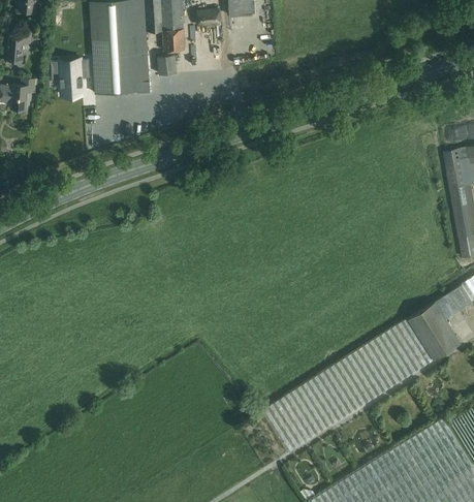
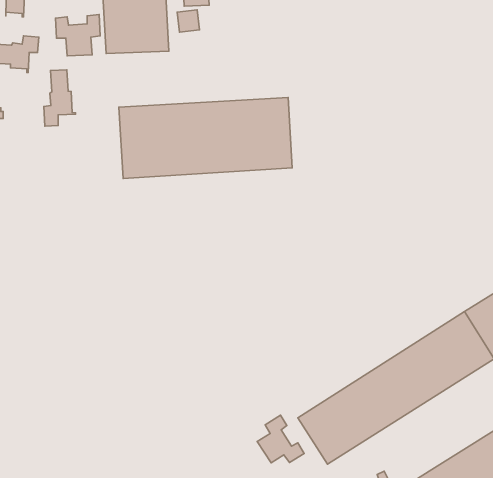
building: none -> [44,70,75,126]
building: none -> [119,98,292,178]
building: none -> [257,415,304,463]

